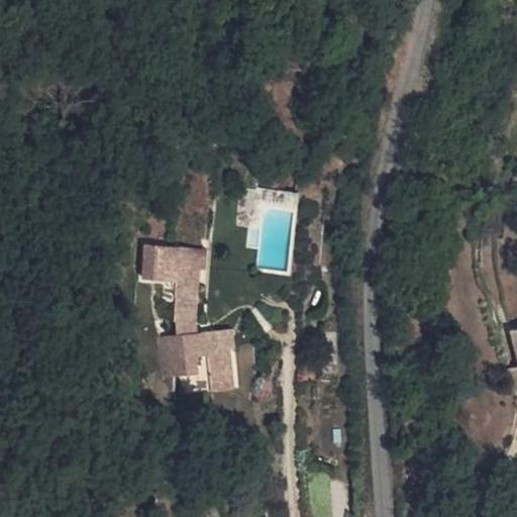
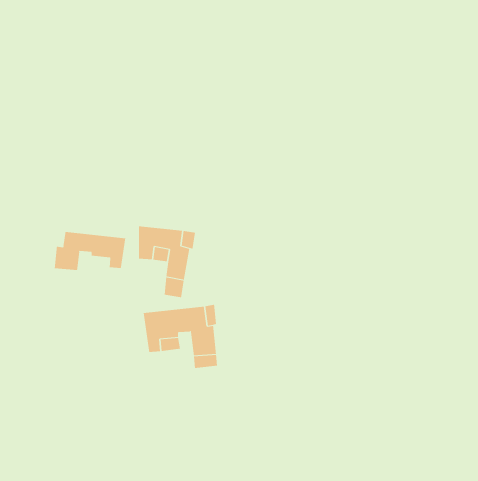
building: none -> [54,231,126,271]

